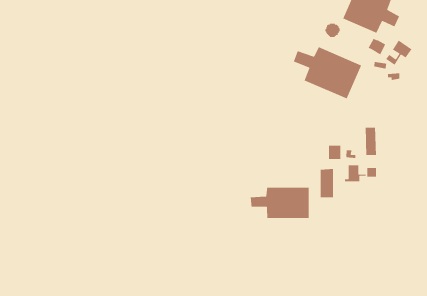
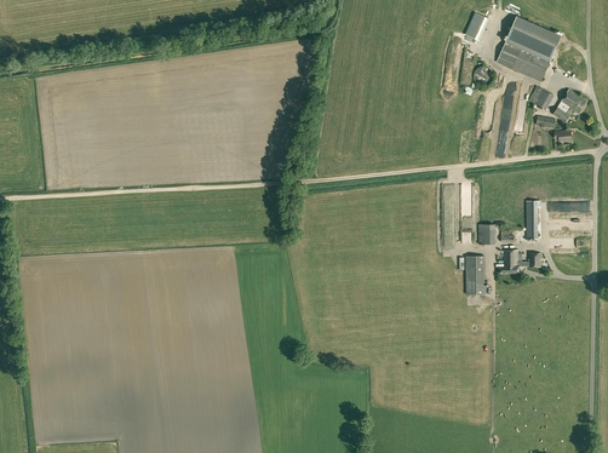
building: [293,46,362,100] -> none
building: [250,187,309,219] -> none

